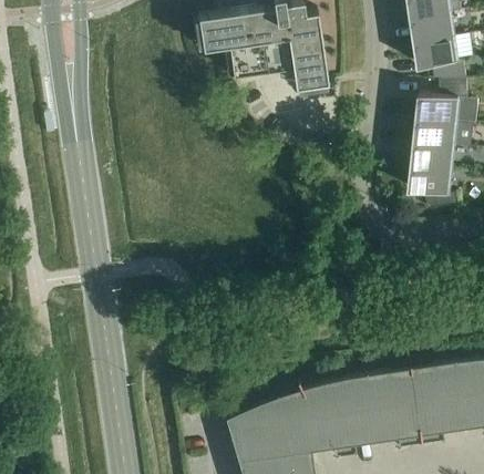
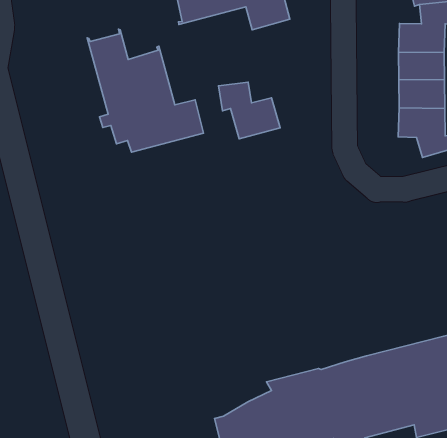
building: none -> [87,29,204,152]
building: none -> [218,82,280,139]

